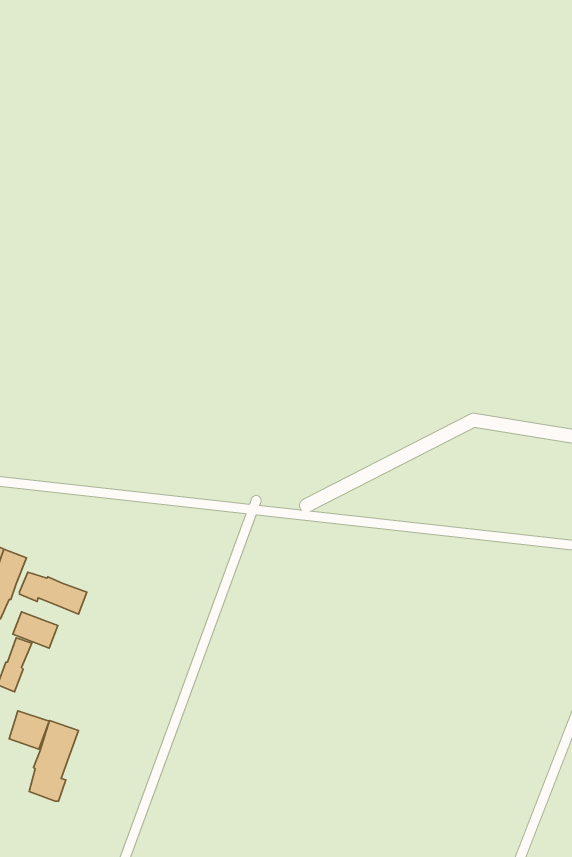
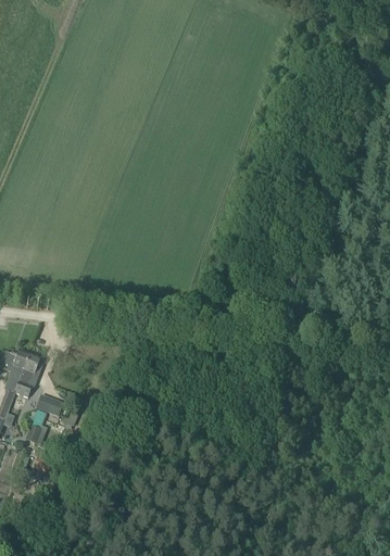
building: [19,572,87,614] -> none
building: [29,721,79,801] -> none

